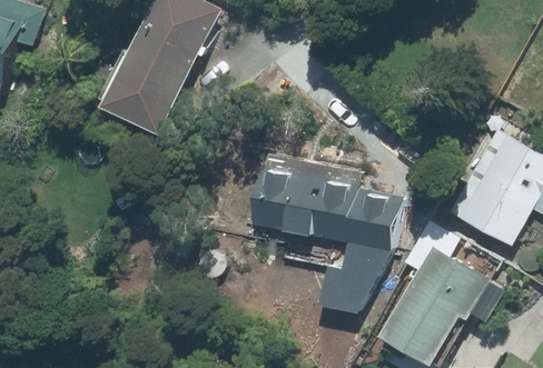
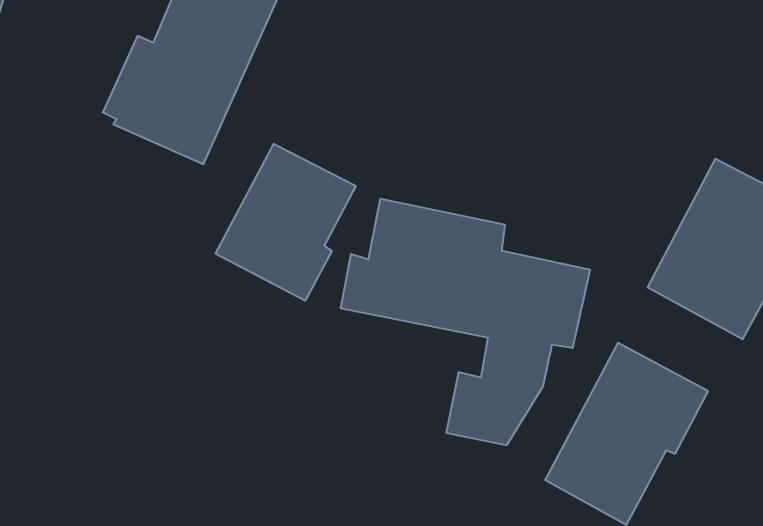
building: none -> [216,144,356,301]

